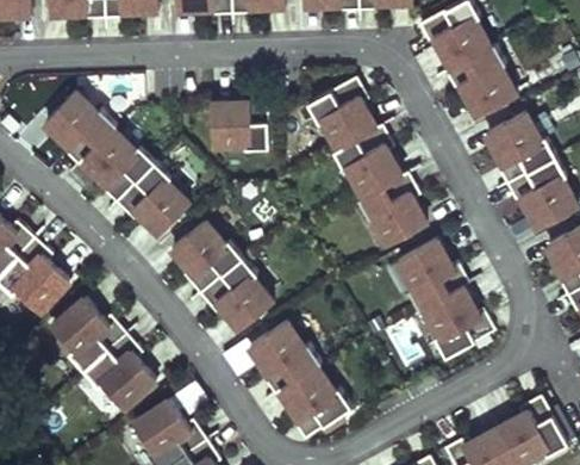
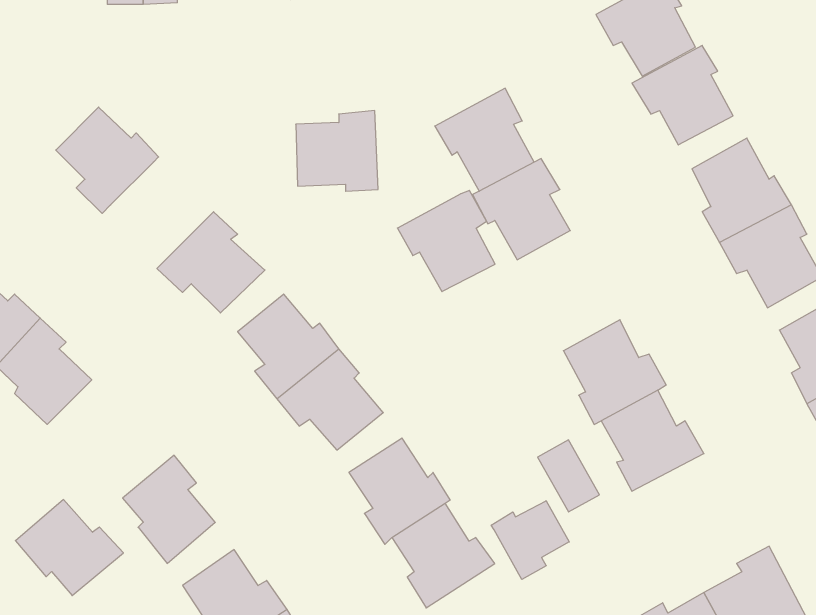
building: [82,129,154,203] -> none
building: [357,174,425,244] -> [397,190,495,292]
building: [51,296,126,362] -> [15,500,123,596]
building: none -> [491,501,569,579]

